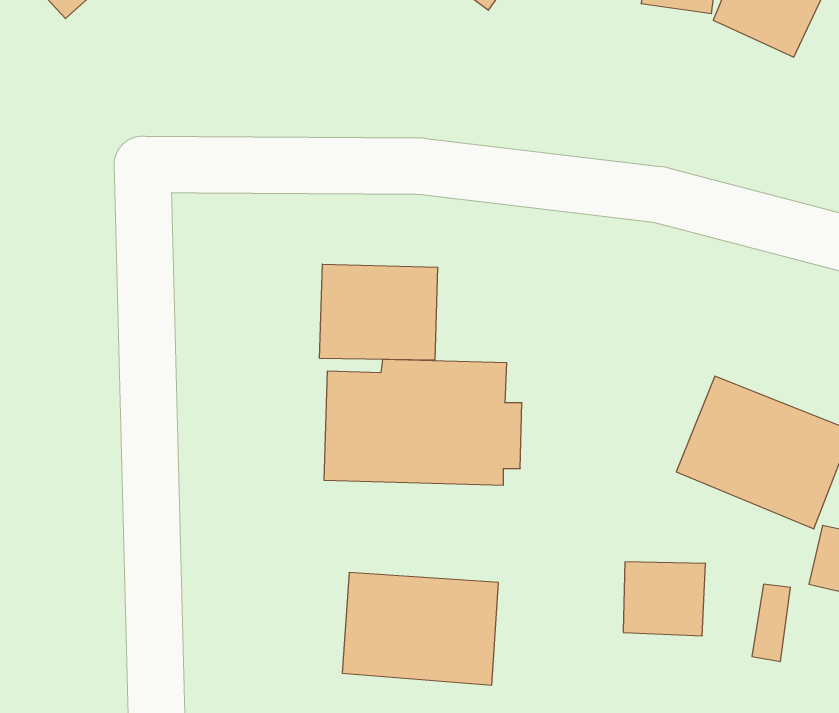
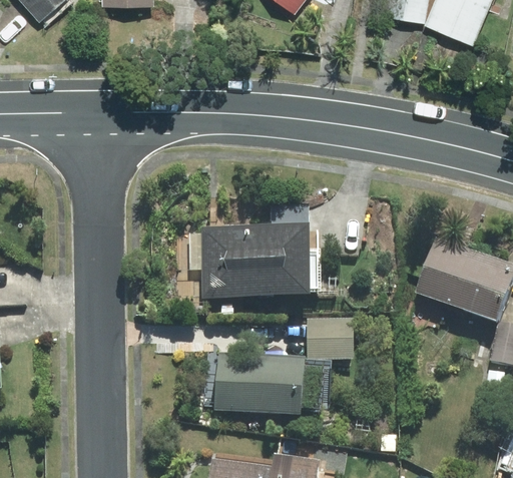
building: [320,264,438,360] -> none
building: [623,562,706,636] -> [305,316,354,360]

